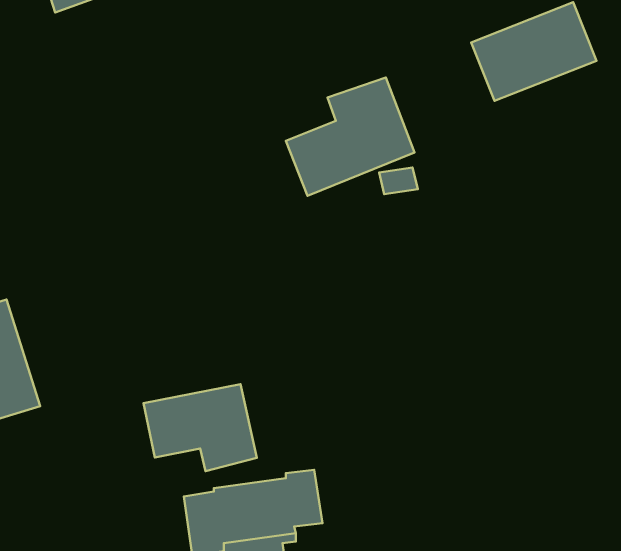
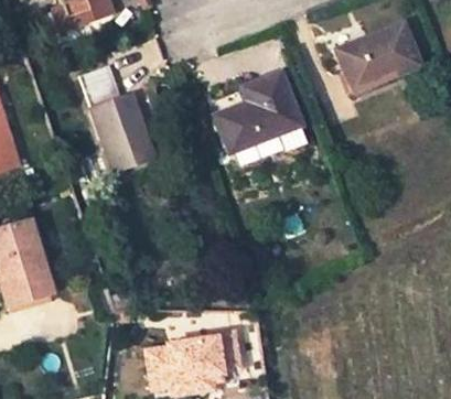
building: none -> [80,66,151,169]
building: [143,384,257,471] -> none

